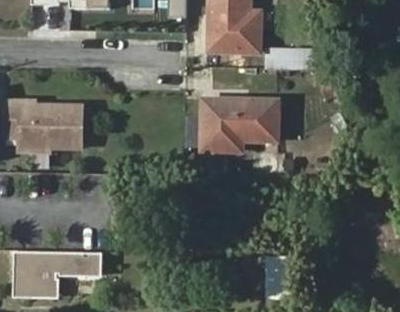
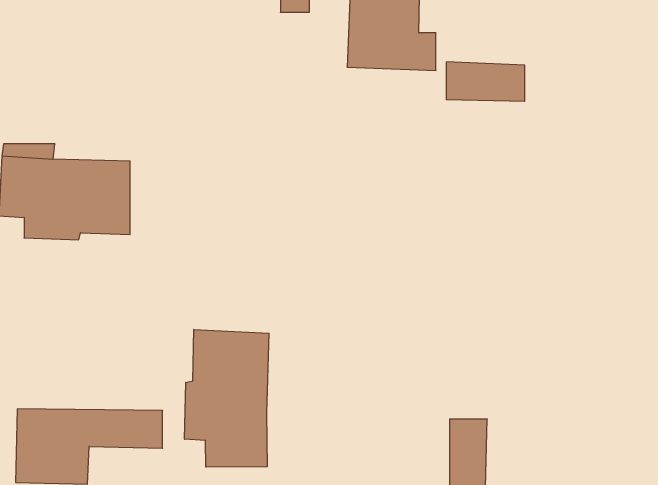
building: [201,99,279,150] -> none
building: none -> [185,329,269,467]

